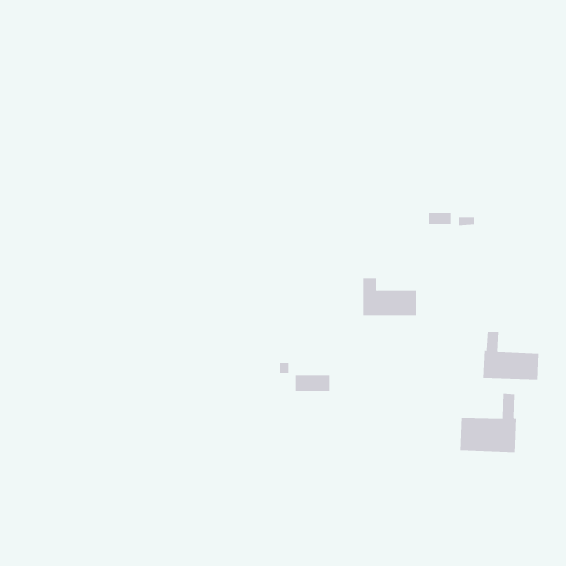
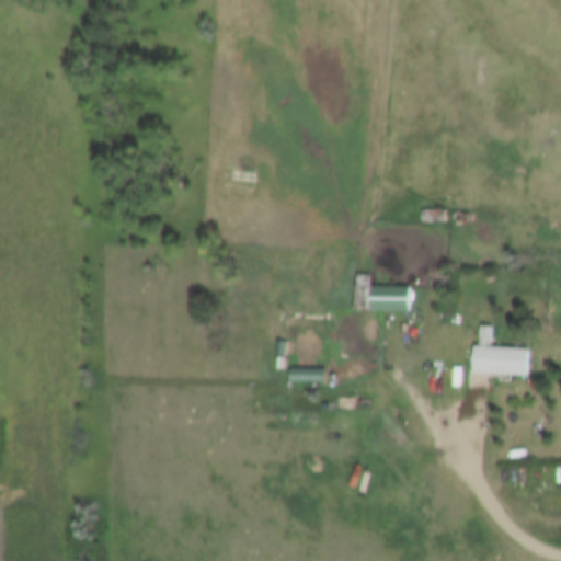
building: [460,393,516,453] -> none

